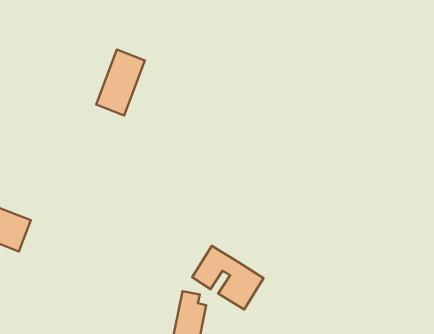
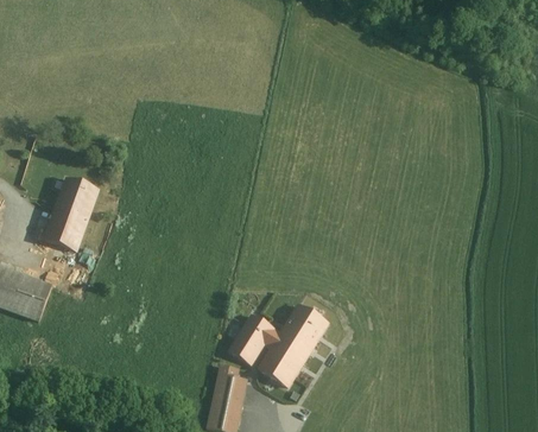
building: [96,50,145,115] -> [44,178,97,250]
building: none -> [280,305,325,350]

